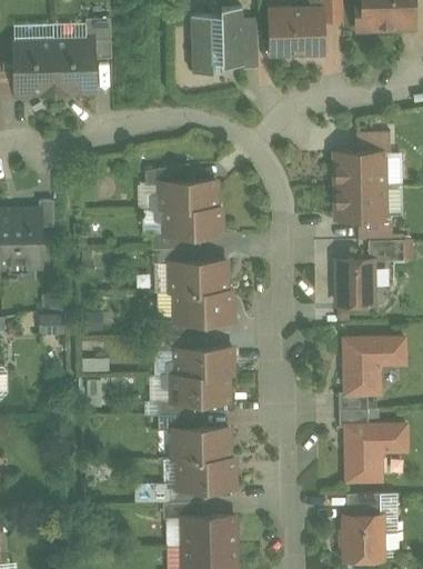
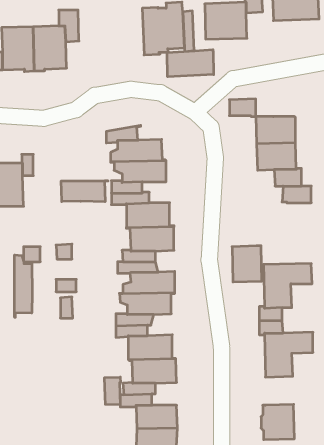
building: none -> [167,50,214,77]
building: [356,131,390,153] -> [229,99,256,117]
building: none -> [61,181,108,202]
building: [336,260,374,306] -> [232,246,262,282]
building: none -> [15,255,32,317]
building: none -> [105,377,120,405]
building: [346,493,380,517] -> none

